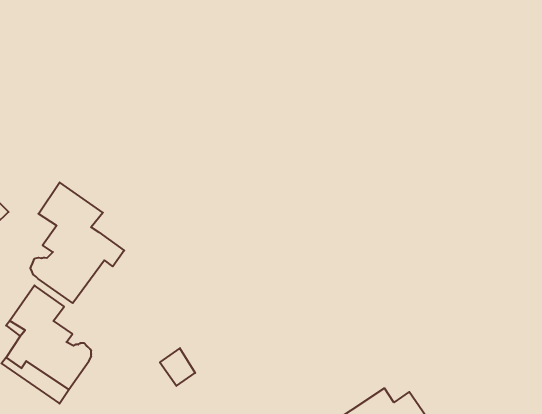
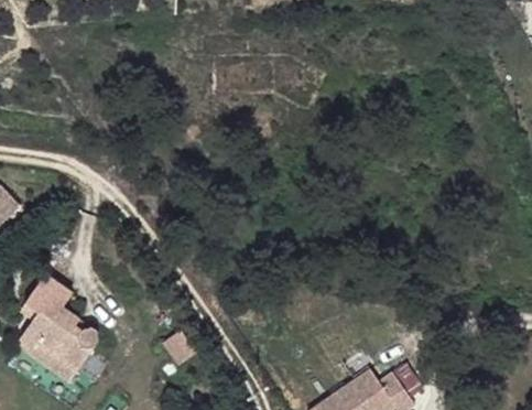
building: [30,182,124,303] -> none

